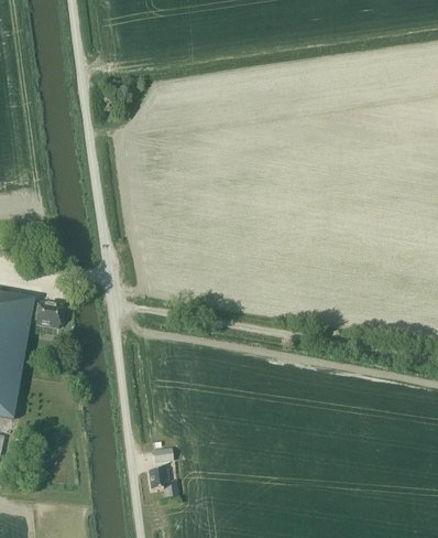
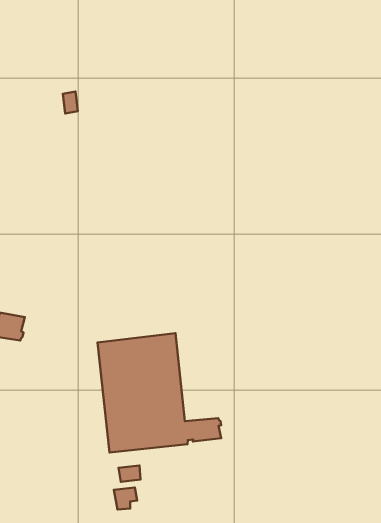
building: none -> [97,333,221,452]

